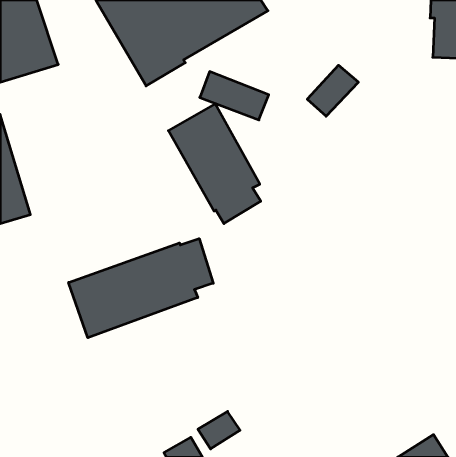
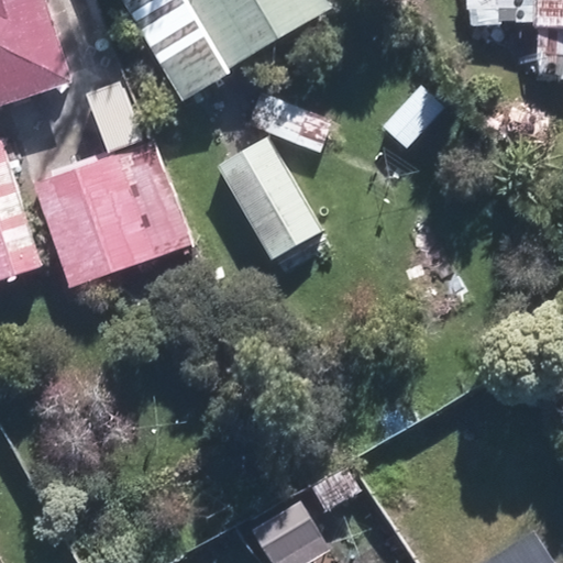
building: none -> [31,139,190,286]
building: [69,239,213,338] -> none

